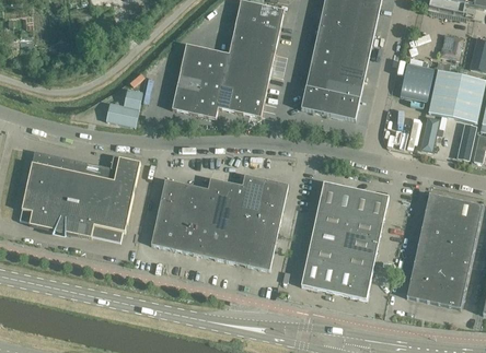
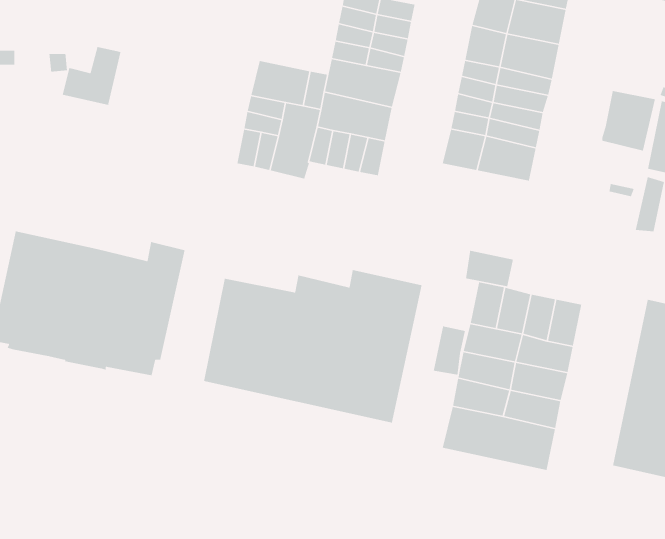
building: [105,90,142,127] -> [62,46,122,106]
building: none -> [465,250,514,287]
building: none -> [433,325,466,375]

